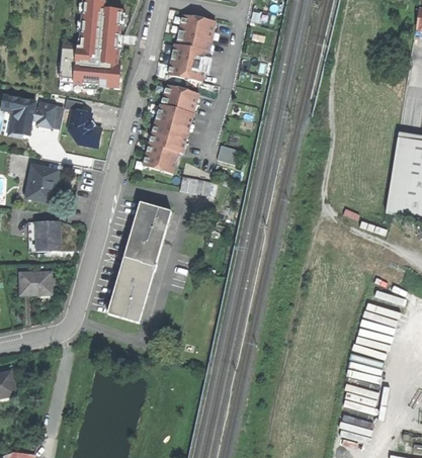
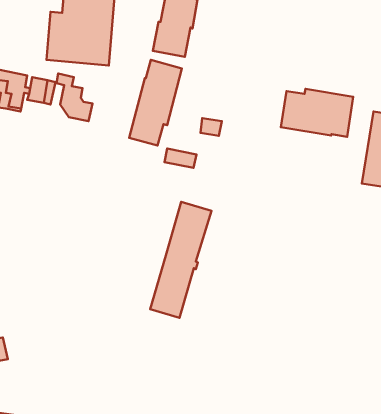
building: none -> [281,89,353,137]
building: [26,165,58,201] -> none
building: [107,201,171,322] -> [150,202,211,318]
building: [35,220,61,250] -> none
building: [19,271,51,294] -> none

